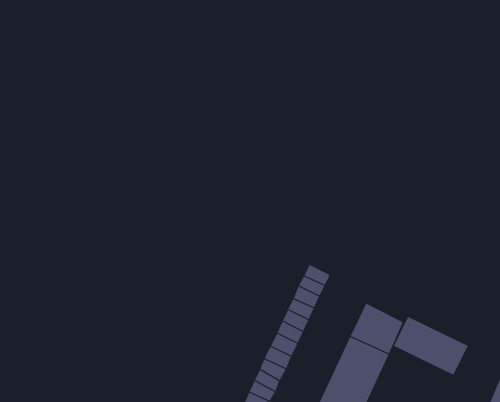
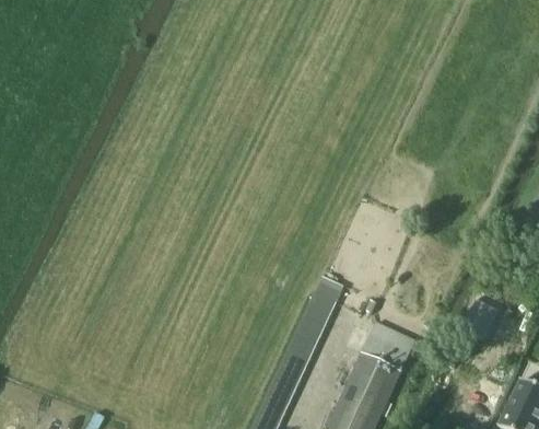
building: [393,316,468,375] -> none

